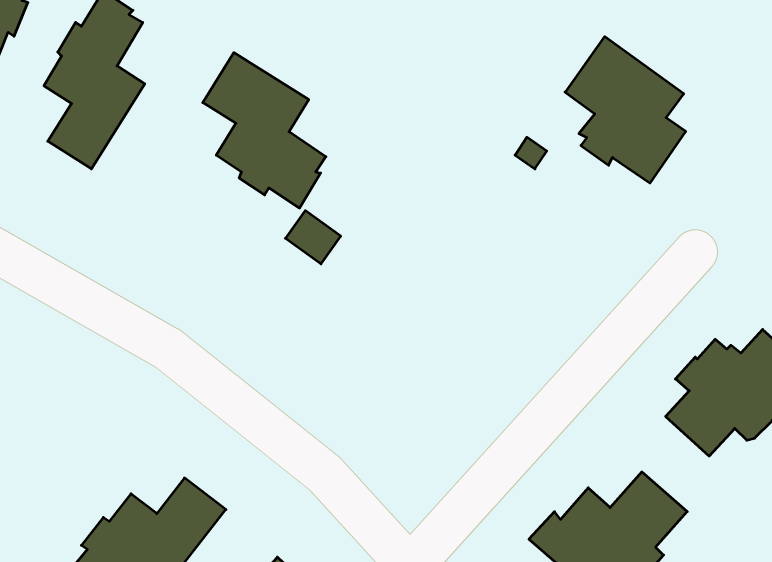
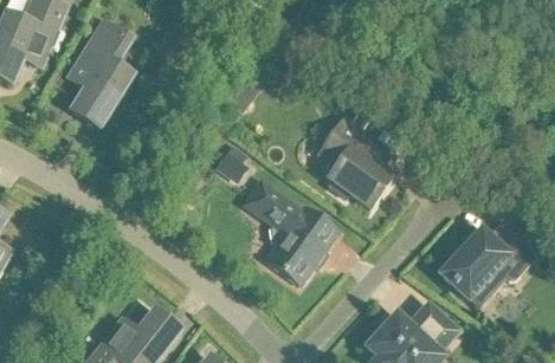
building: [565,37,686,183] -> [320,119,392,207]
building: [203,53,326,208] -> none
building: none -> [246,183,336,283]

